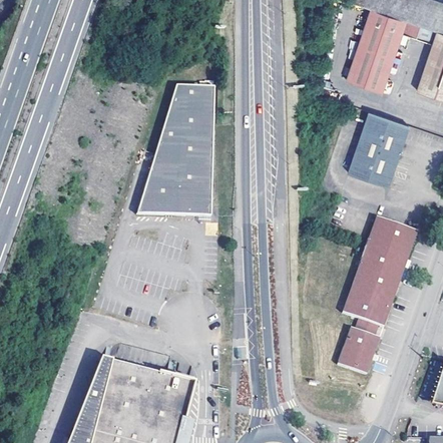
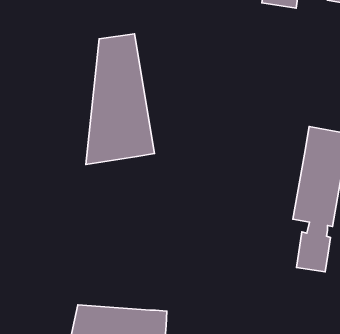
building: [348,112,409,185] -> none

